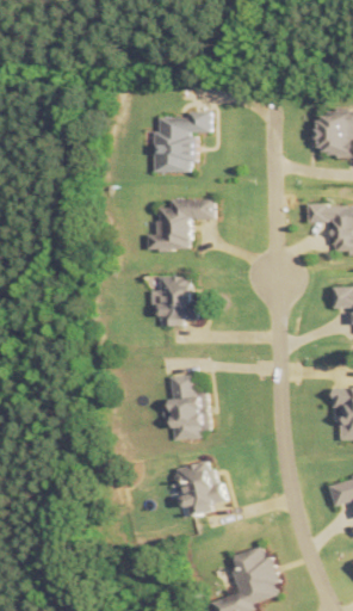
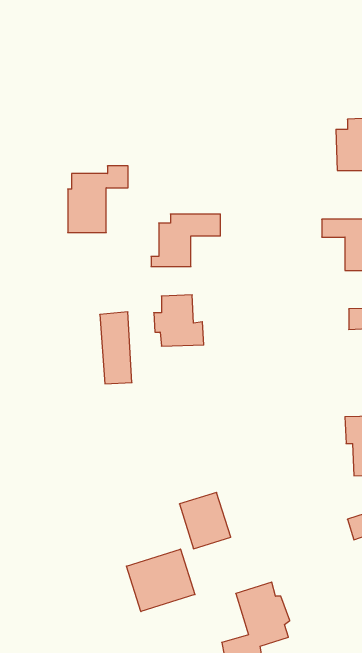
building: [154,112,210,174] -> [68,166,128,233]
building: [171,374,200,440] -> [100,312,132,384]
building: none -> [126,549,195,612]

